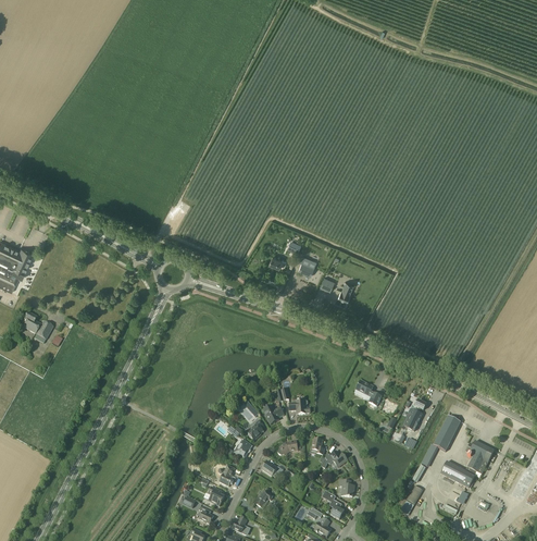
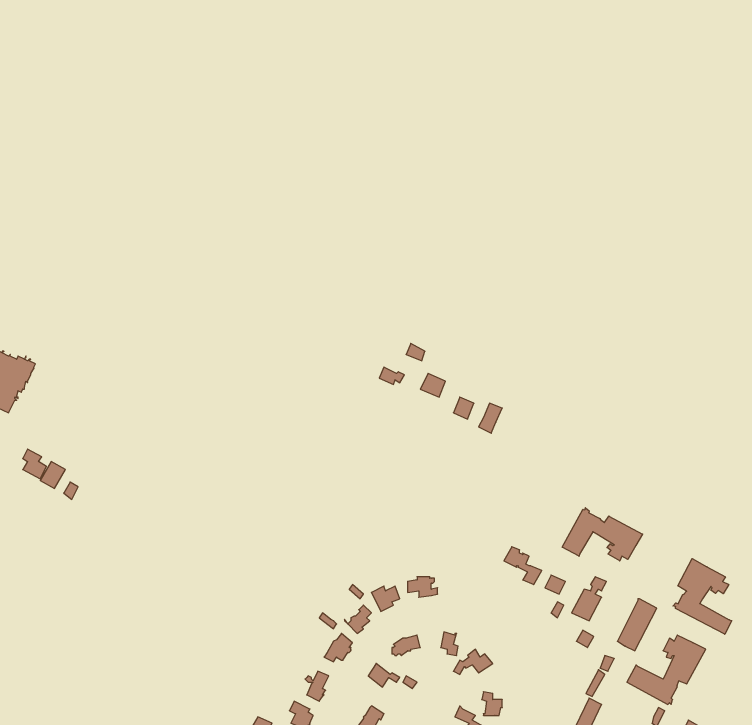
building: none -> [562,508,643,561]
building: none -> [673,559,732,634]

